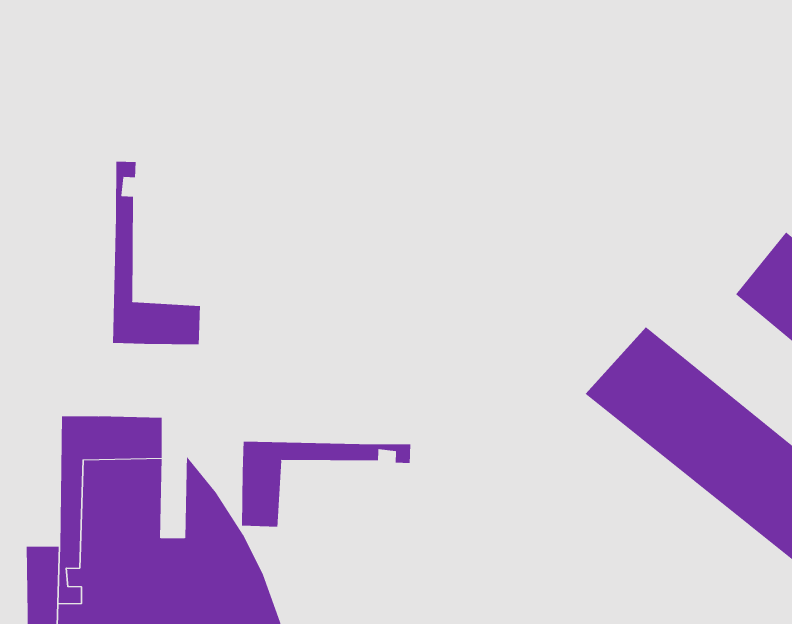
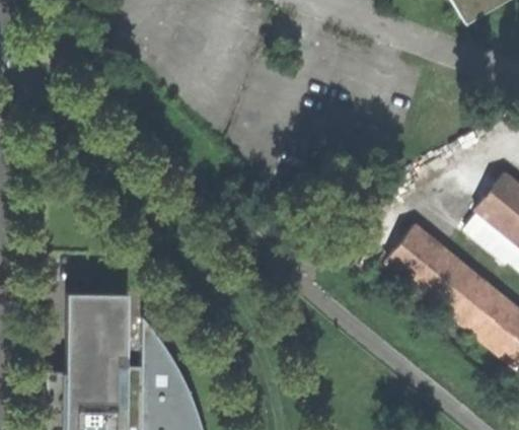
building: [113,161,201,345] -> none
building: [242,441,411,527] -> none

